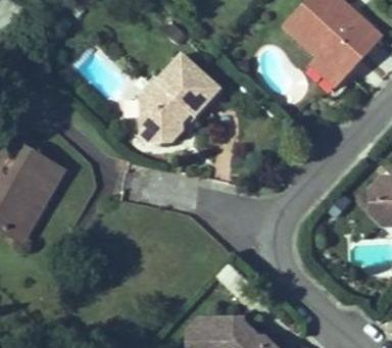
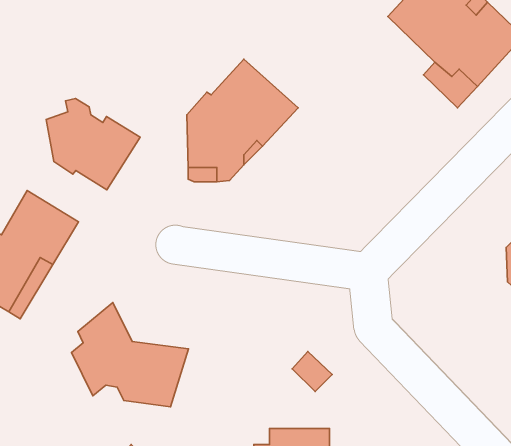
building: none -> [46,98,140,190]
building: none -> [72,303,188,407]

